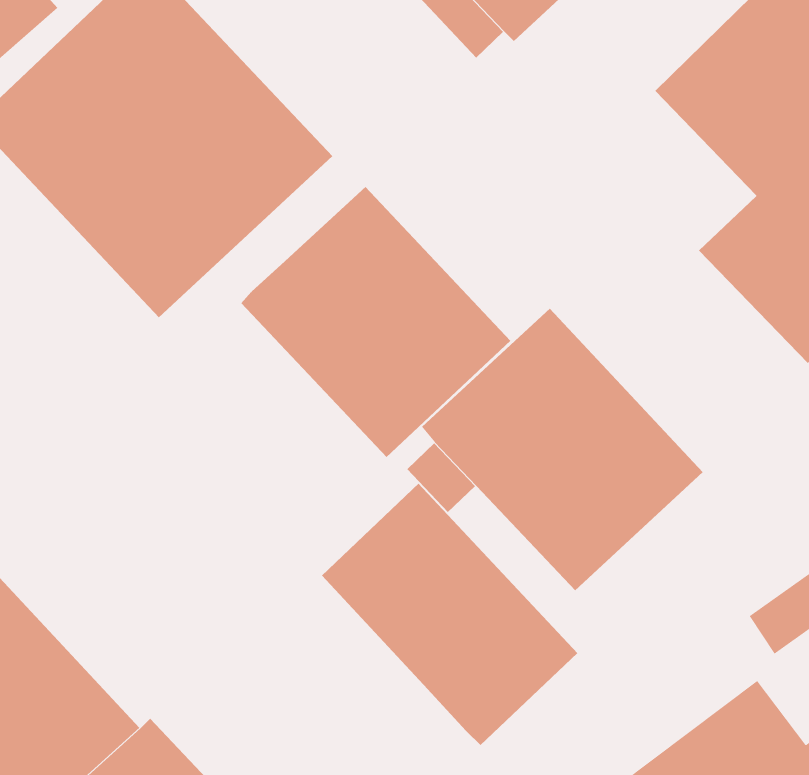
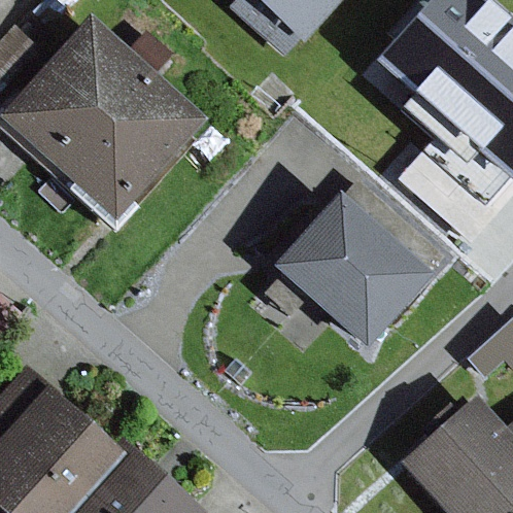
building: [241,186,511,458] -> none
building: [321,483,578,746] -> none

